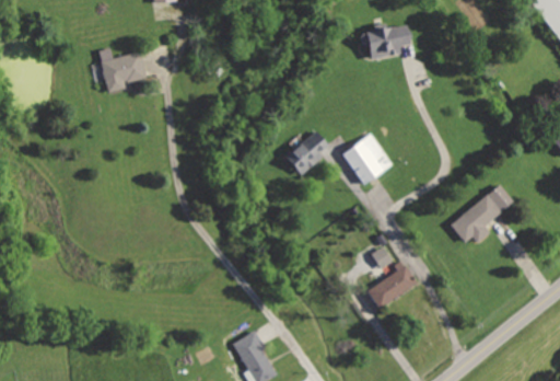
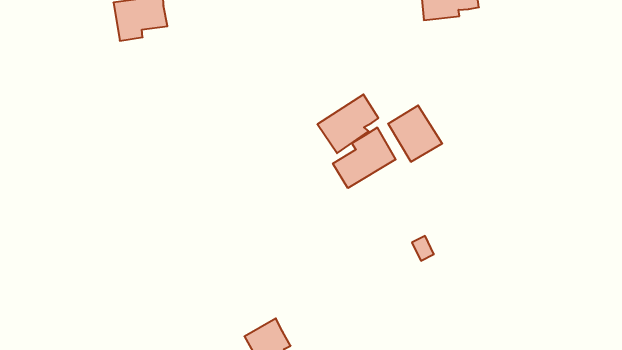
building: none -> [333,127,396,188]
building: [447,183,515,245] -> none
building: [366,264,419,310] -> none

